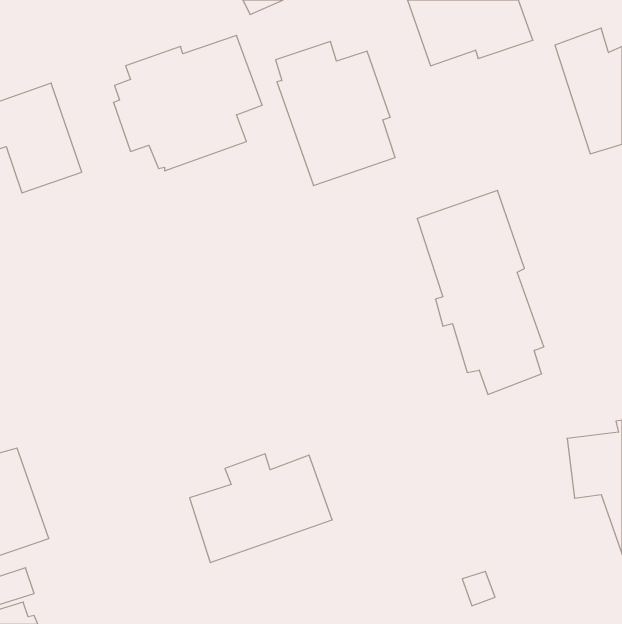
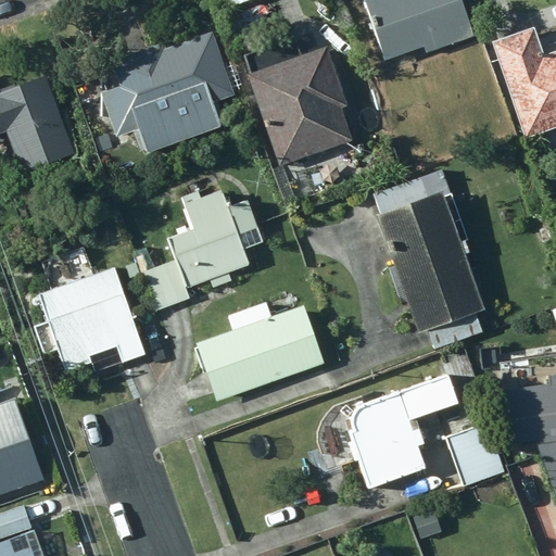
building: none -> [143,186,263,309]
building: none -> [39,248,144,371]
building: none -> [353,375,458,489]
building: [190,454,332,563] -> [197,304,324,401]
building: none -> [446,424,503,486]

